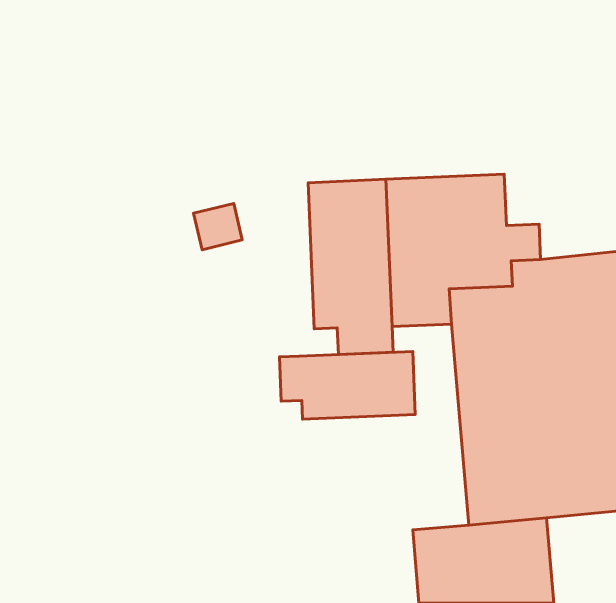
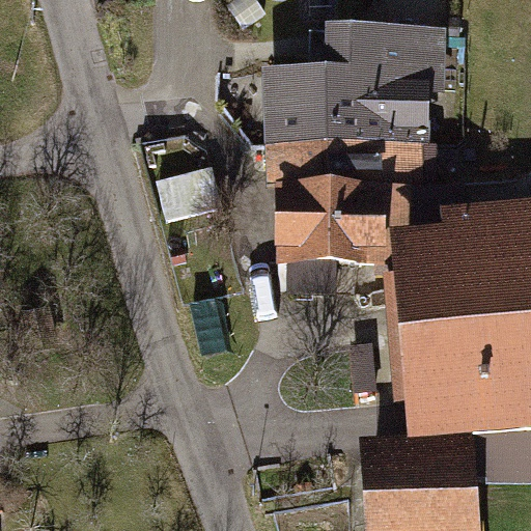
building: none -> [264,34,454,156]
building: [279,351,415,419] -> none

